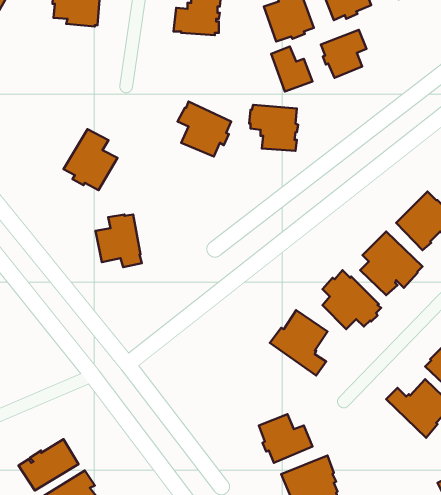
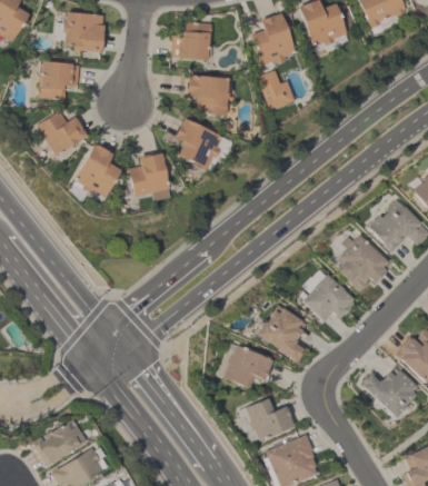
building: [321,30,366,78] -> none
building: none -> [38,61,80,100]
building: none -> [38,110,87,155]
building: [249,105,298,151] -> [187,75,230,116]
building: [96,215,142,267] -> [129,153,170,200]
building: none -> [226,345,273,389]

